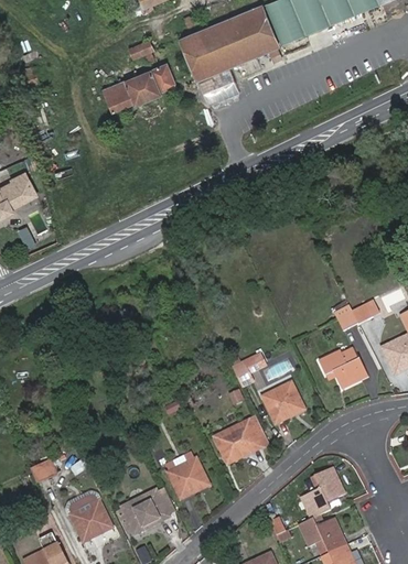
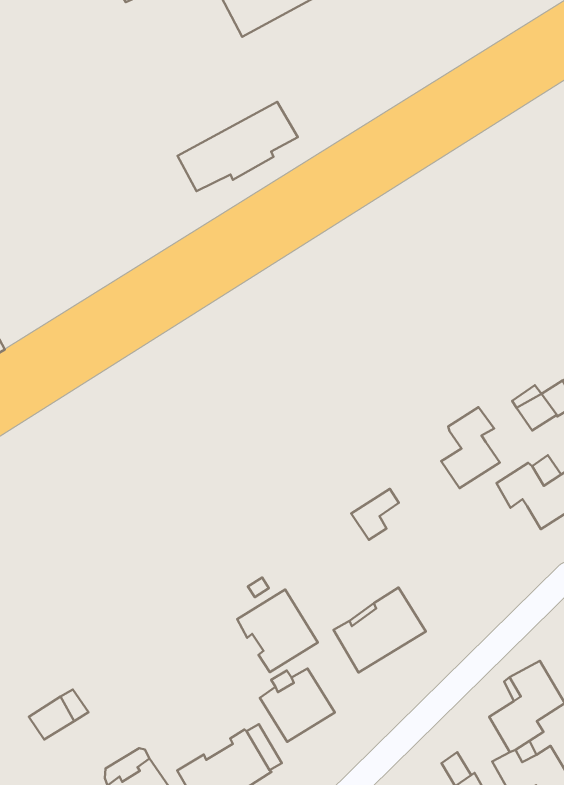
building: [103,63,174,110] -> [178,102,298,191]
building: none -> [441,407,500,488]
building: [262,382,304,423] -> none
building: none -> [237,589,318,672]

